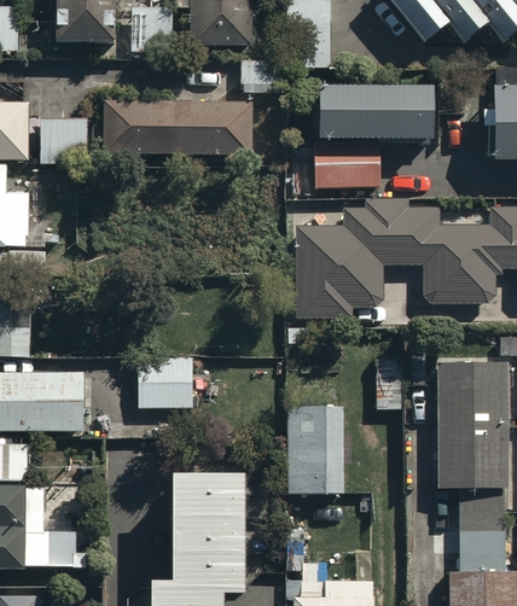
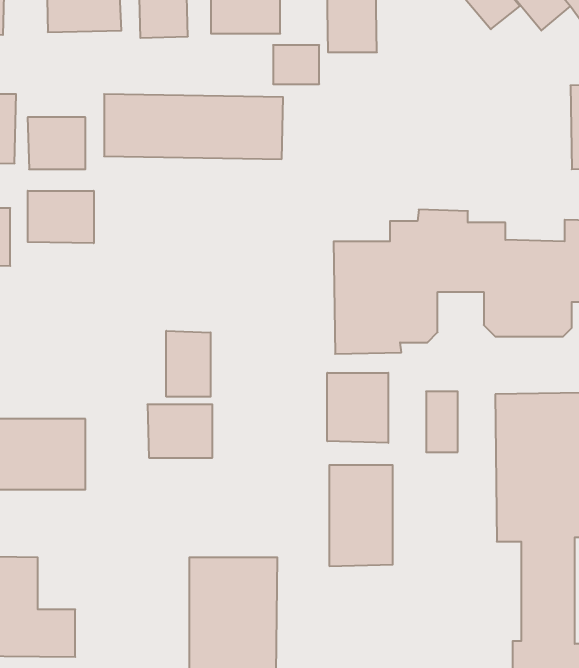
building: [324,92,432,144] -> none
building: [313,148,378,185] -> none
building: none -> [28,191,94,243]
building: none -> [166,331,211,397]
building: none -> [327,373,388,443]

